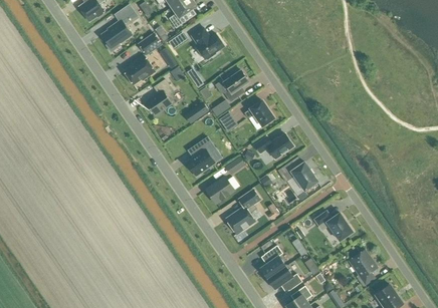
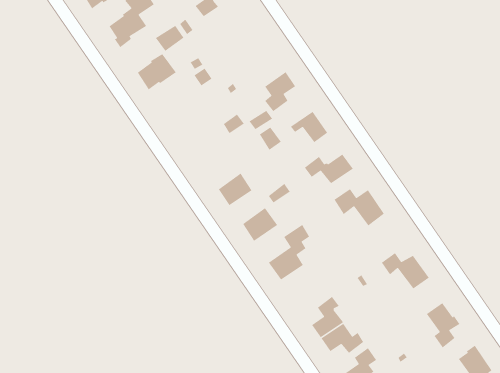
building: [191,27,223,58] -> none
building: [146,78,173,115] -> none

